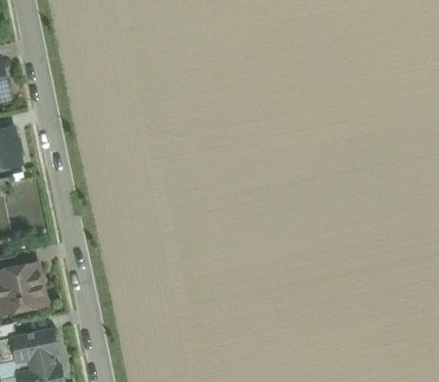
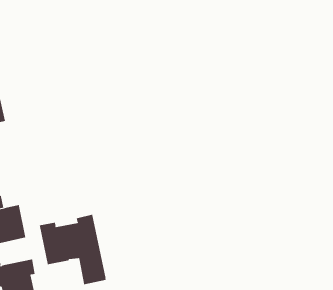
building: none -> [39,214,106,285]

